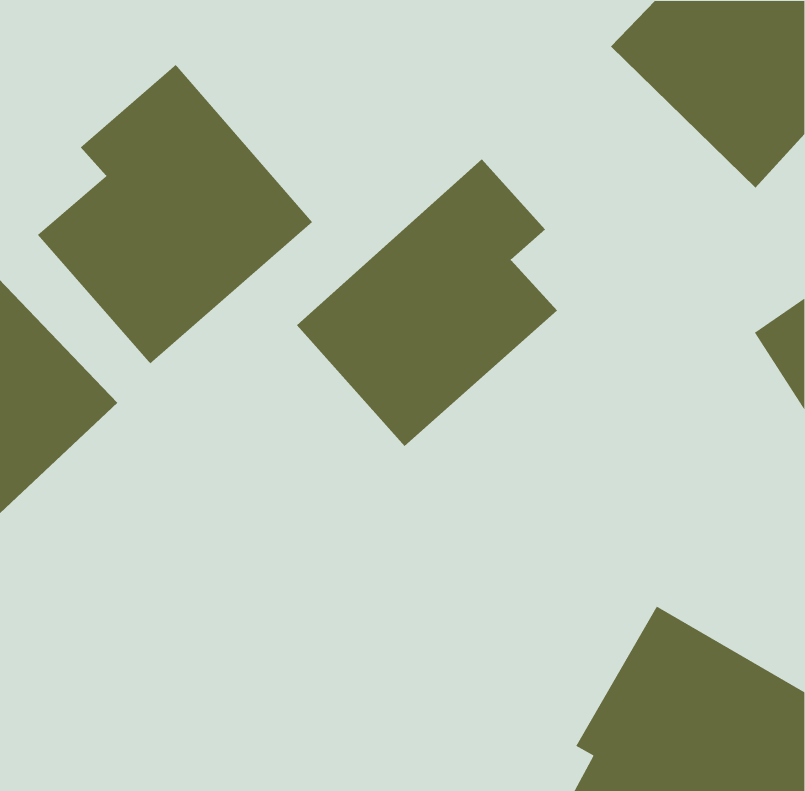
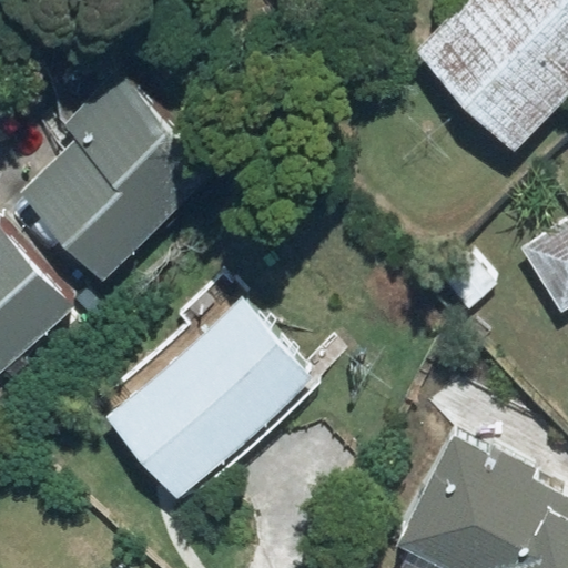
building: [296,159,558,447] -> none
building: none -> [102,272,315,495]

